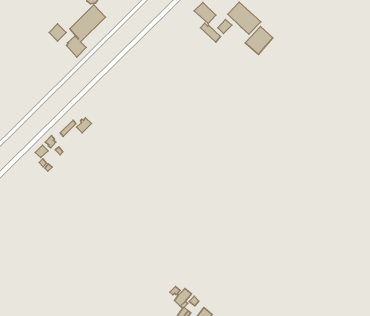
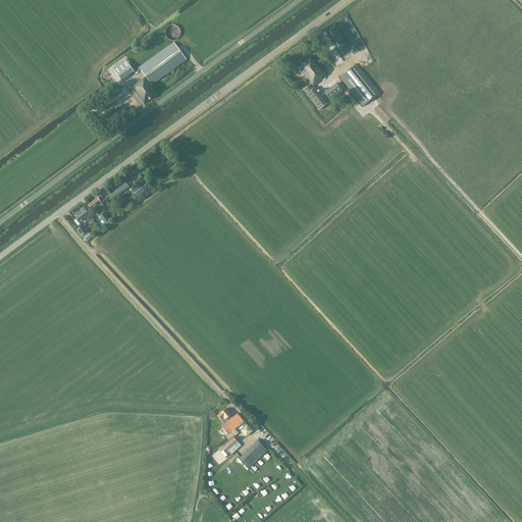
building: [245,27,273,54] -> none

